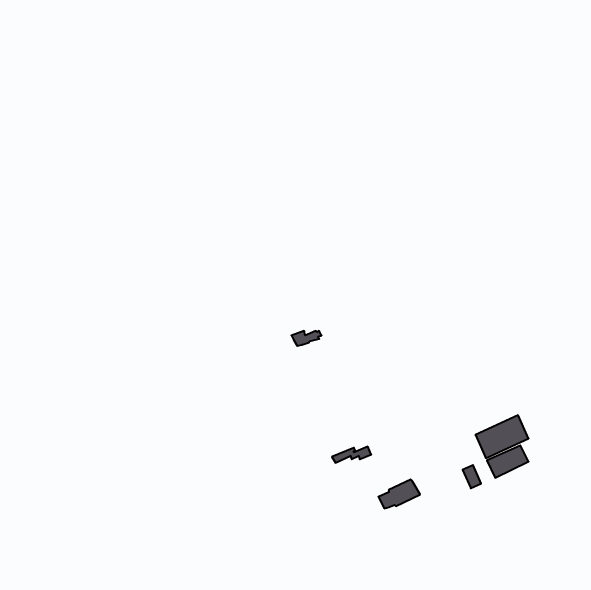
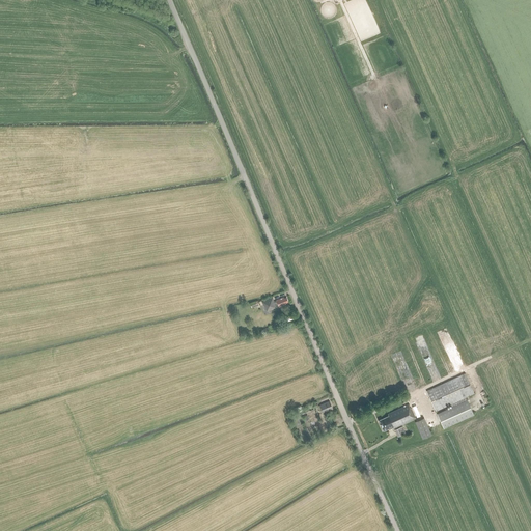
building: [378,479,420,508] -> [379,403,416,429]

